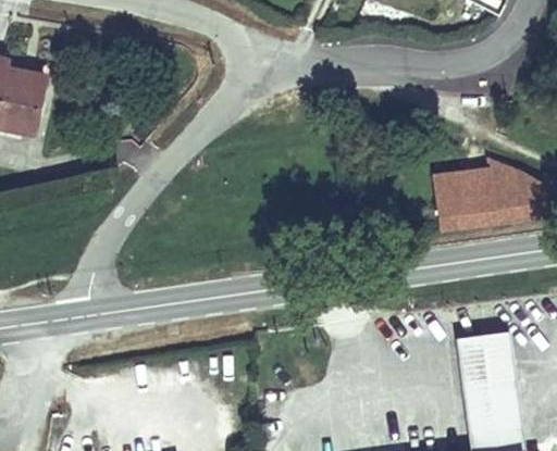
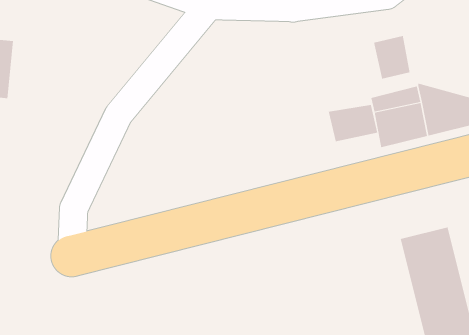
building: none -> [374,35,410,79]
building: none -> [328,104,378,142]

